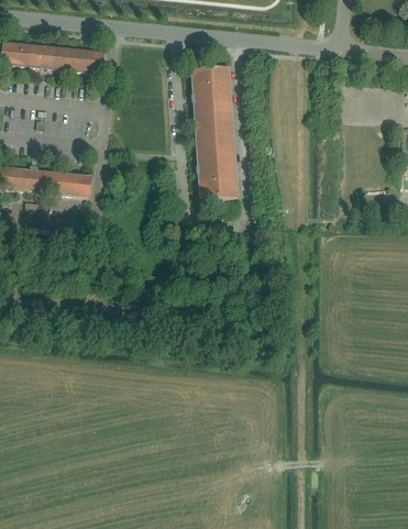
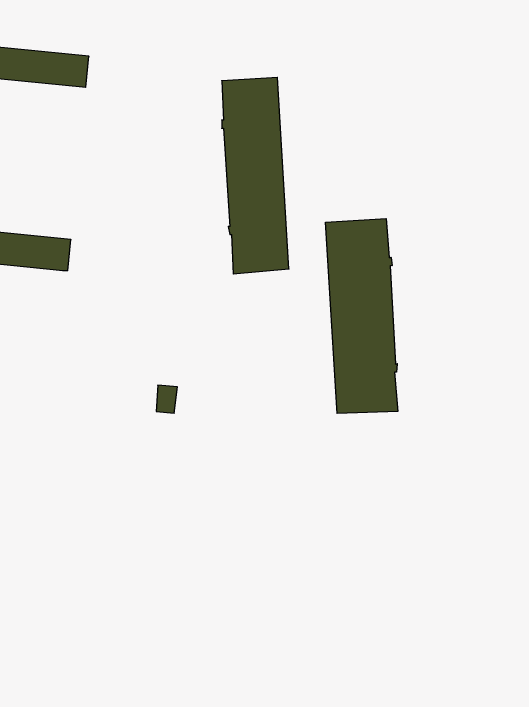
building: none -> [326,219,398,413]

